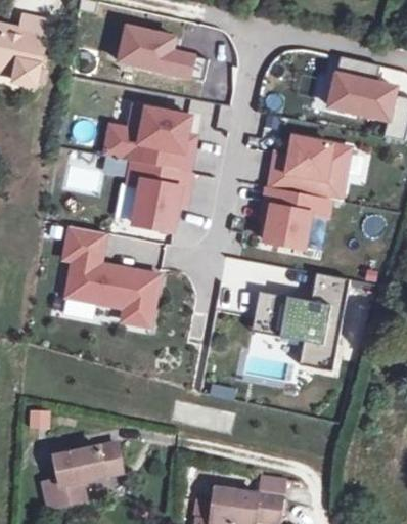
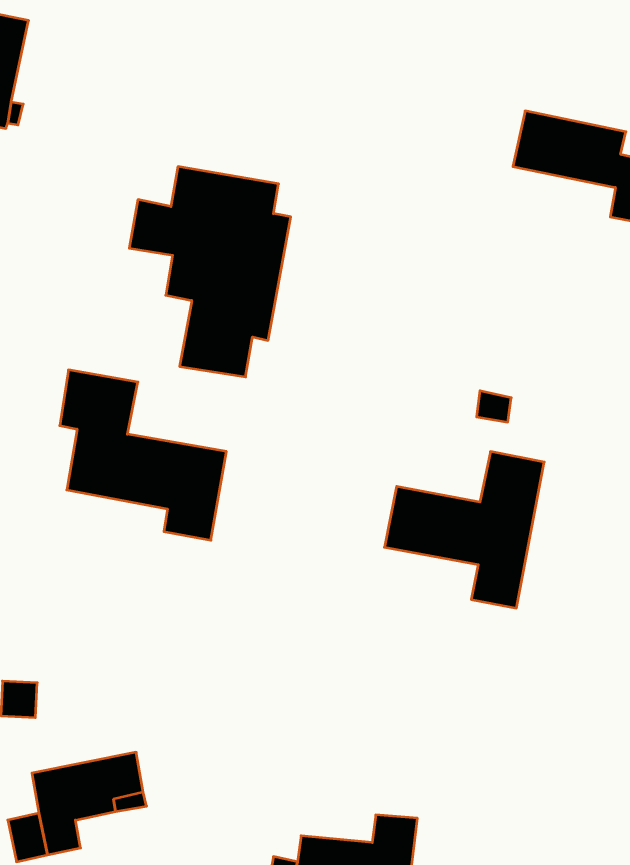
building: [119,25,194,76] -> none
building: [260,135,352,246] -> none

